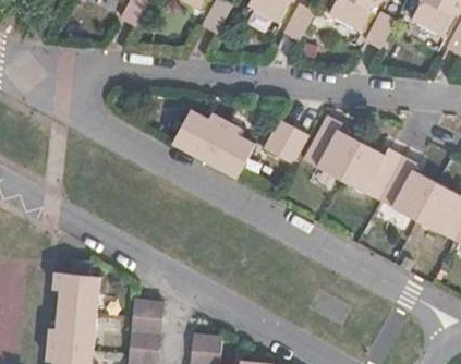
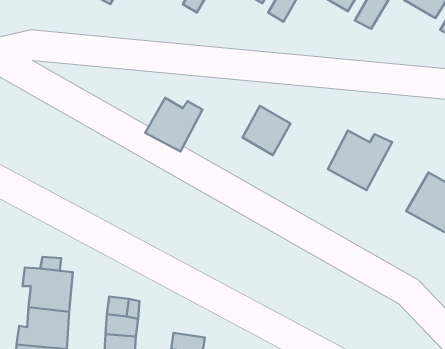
building: [300,114,356,178] -> none
building: [201,122,250,178] -> none
building: [374,153,432,217] -> none

